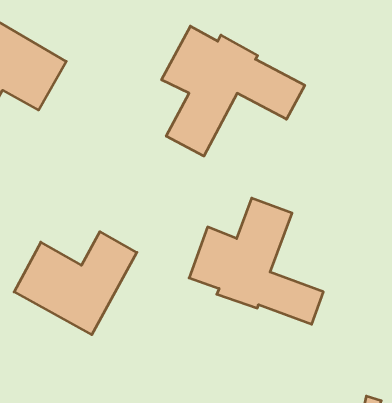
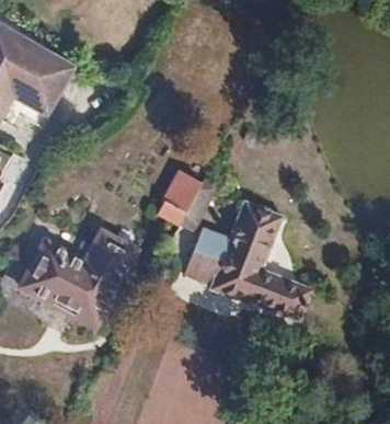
building: [162,26,305,156] -> none
building: none -> [162,173,202,222]

